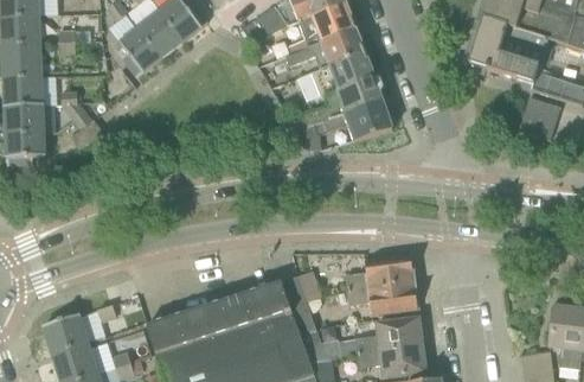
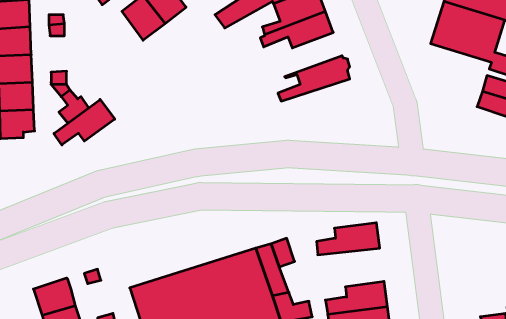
building: [121,27,160,76] -> none
building: [297,50,373,100] -> none
building: [295,100,392,149] -> none
building: none -> [54,99,115,145]
building: [347,281,417,313] -> none

